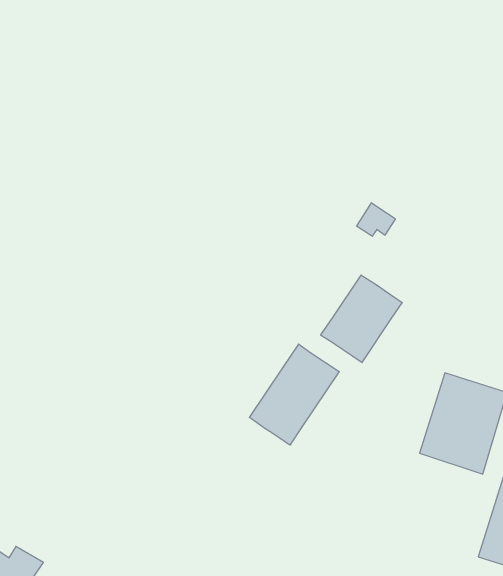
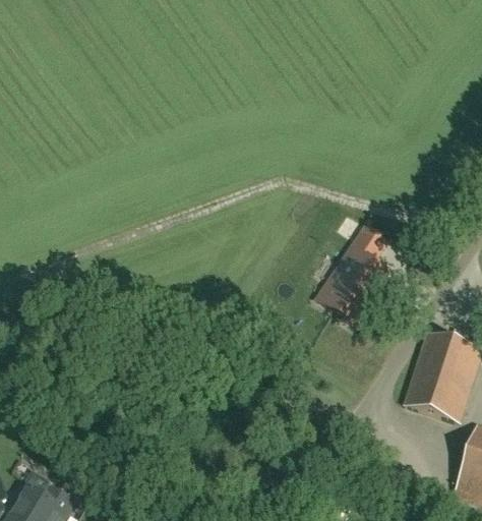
building: [356,203,395,236] -> [352,224,386,253]
building: [249,344,339,445] -> none

